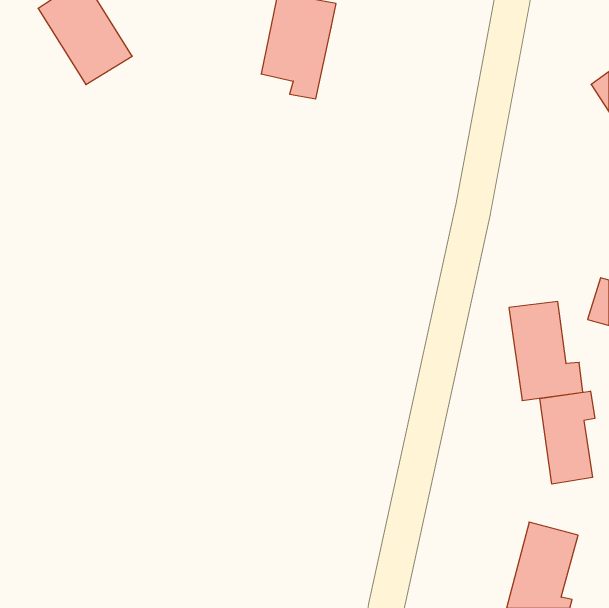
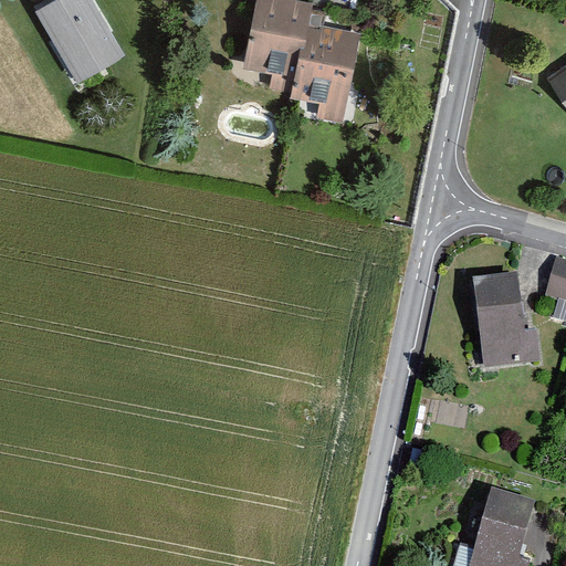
building: none -> [292,25,360,122]
building: [540,391,595,484] -> none

